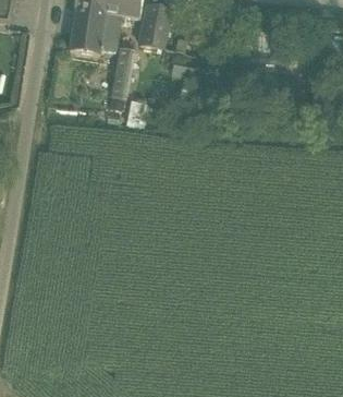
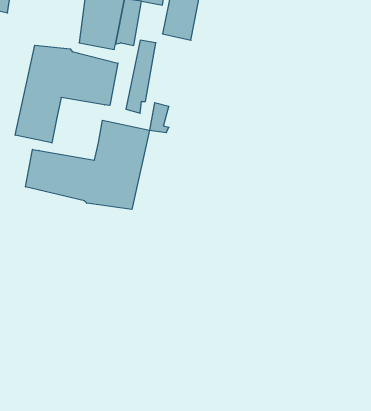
building: none -> [15,45,118,143]
building: none -> [26,120,149,209]

